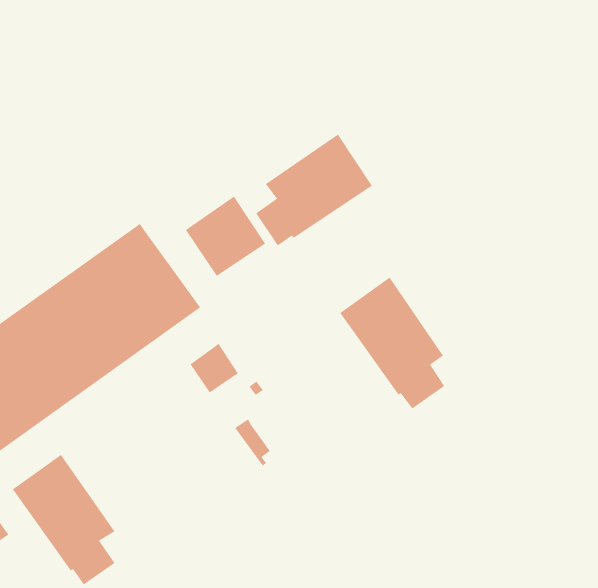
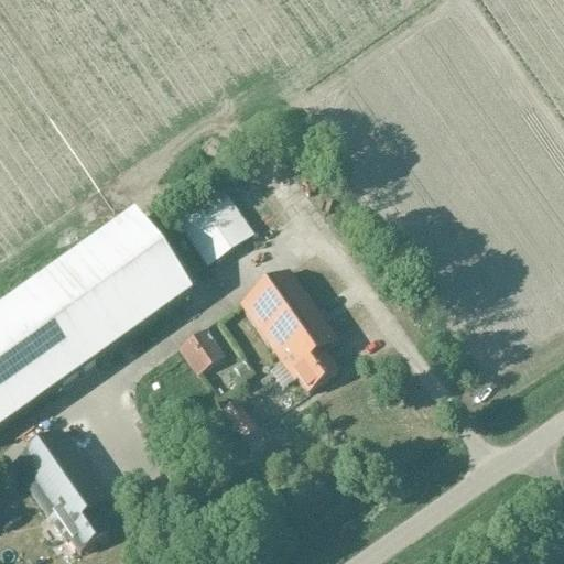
building: [255,133,373,246] -> none
building: [339,276,445,410] -> [238,263,337,388]

